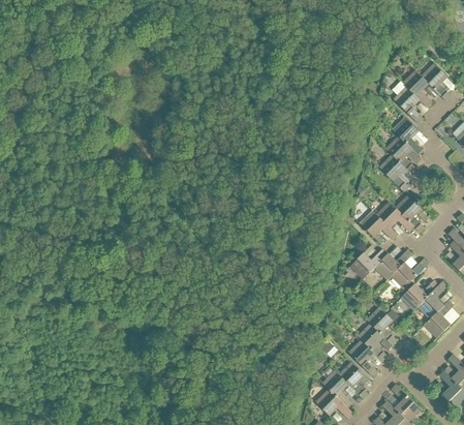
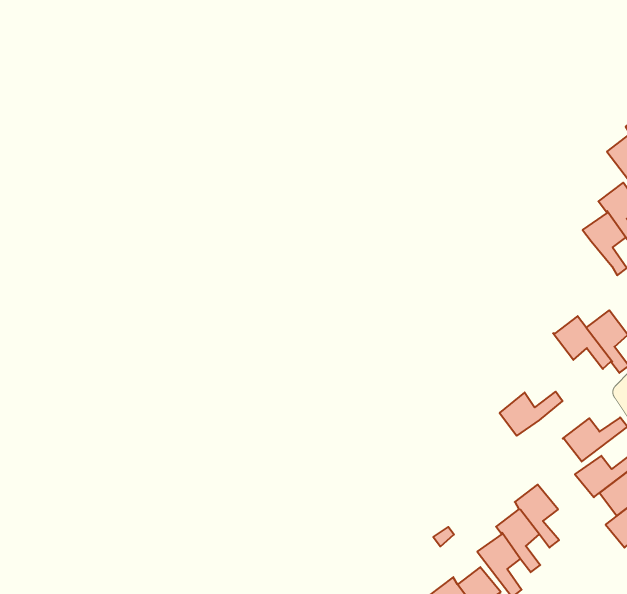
building: [379,154,409,191] -> none
building: [360,210,398,240] -> none
building: [375,249,412,279] -> none

